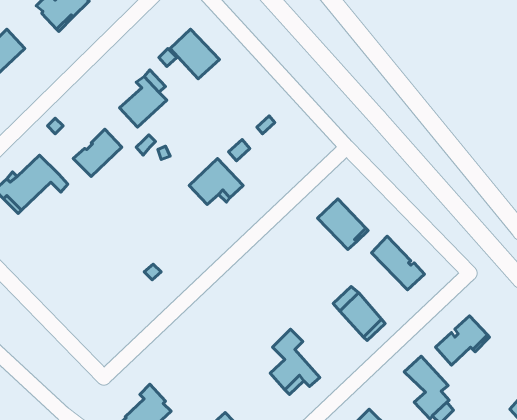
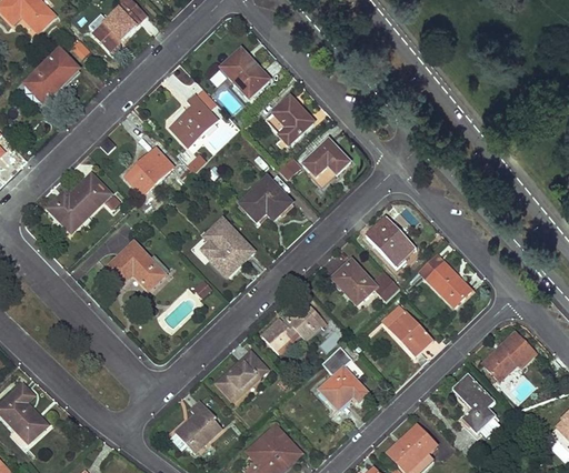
building: none -> [264,95,313,144]
building: none -> [302,139,350,184]
building: none -> [200,219,253,274]
building: none -> [107,242,164,290]
building: none -> [332,260,400,304]
building: none -> [261,302,326,353]
building: none -> [217,350,267,400]

